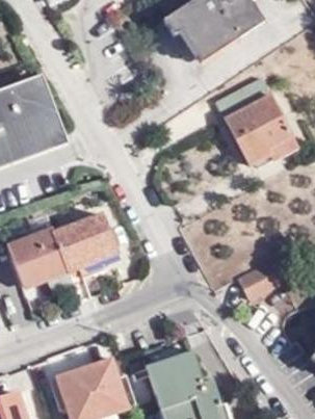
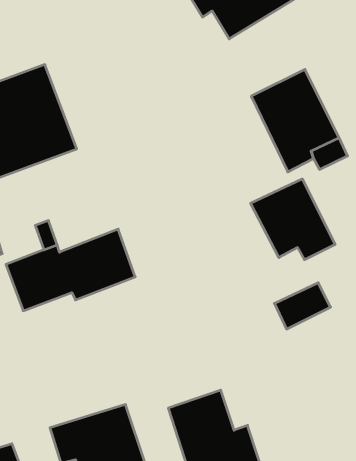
building: none -> [251,179,335,260]

